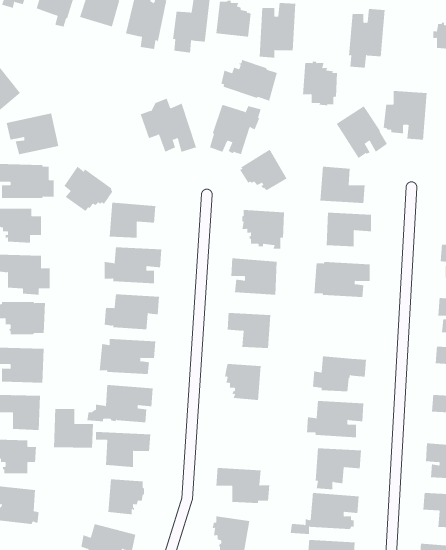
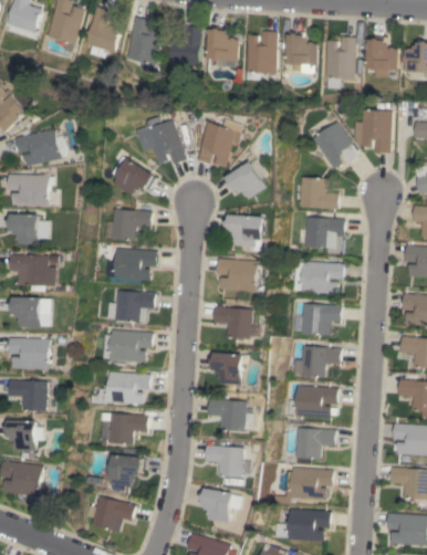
building: none -> [365,38,397,76]
building: [221,59,278,101] -> none
building: [302,61,338,106] -> [284,33,316,73]
building: [64,166,113,212] -> [111,155,155,196]
building: none -> [299,303,341,335]
building: [54,408,94,449] -> none
building: none -> [208,398,249,431]

